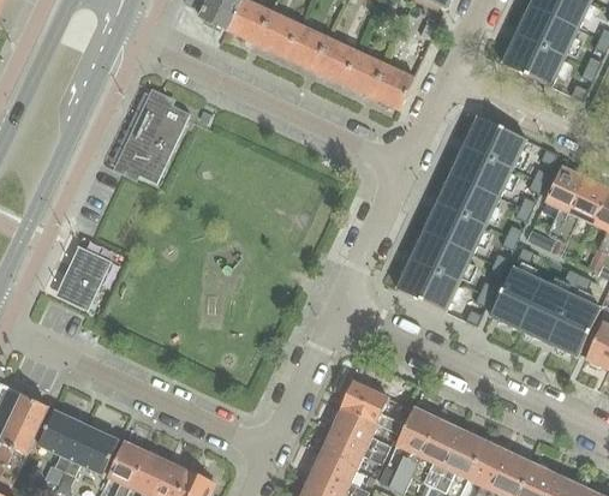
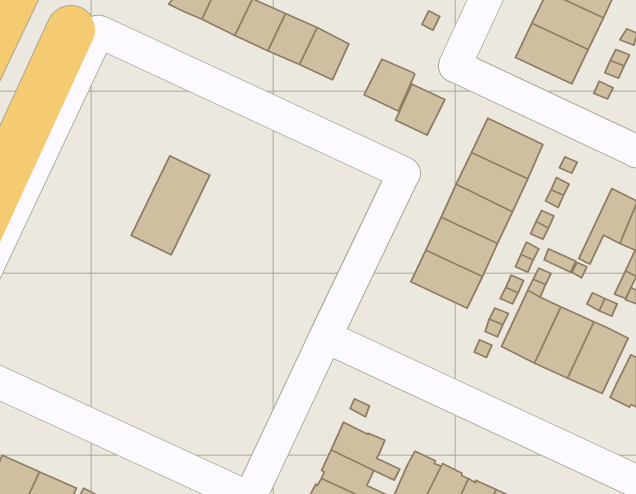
building: [341,50,384,95] -> [395,84,445,135]
building: [120,96,189,183] -> [131,156,210,255]
building: [543,166,585,238] -> none
building: [60,244,111,311] -> none
building: [395,258,459,311] -> none

